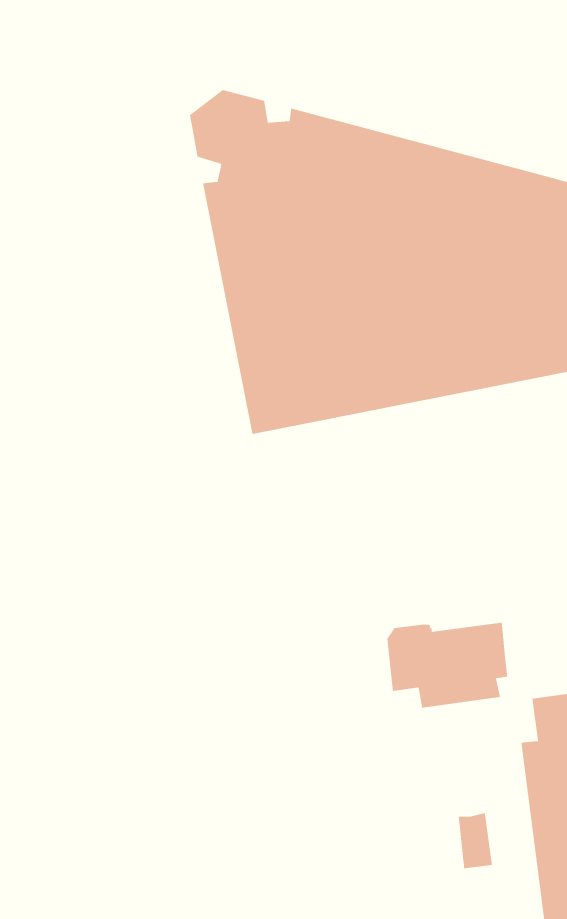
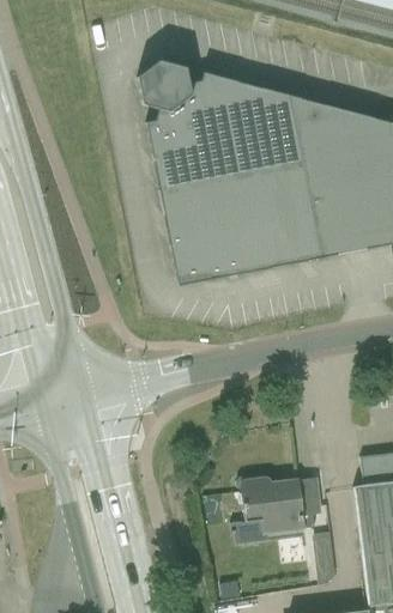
building: [387,622,508,708] -> [241,477,320,533]

